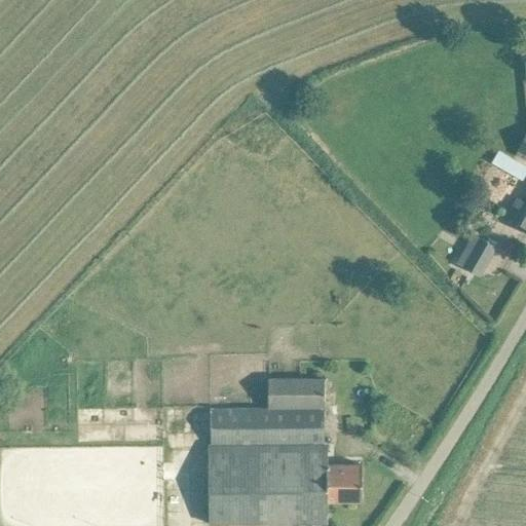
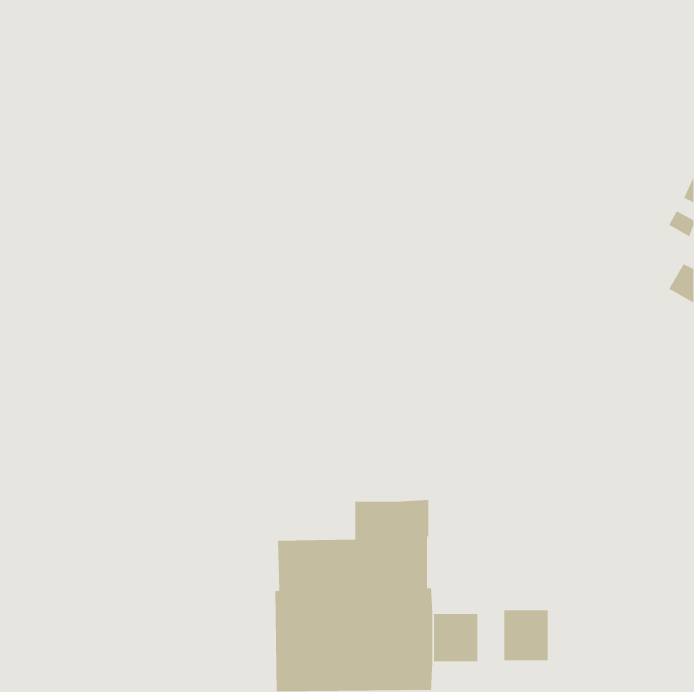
building: [463,238,497,277] -> none
building: none -> [504,609,548,661]

